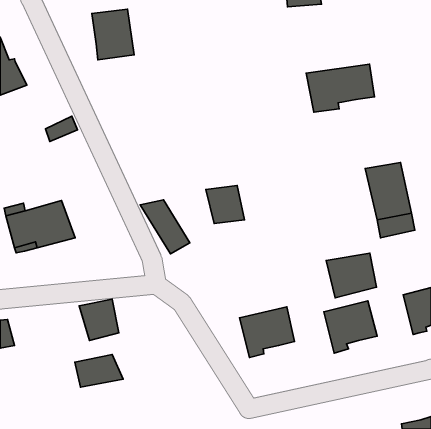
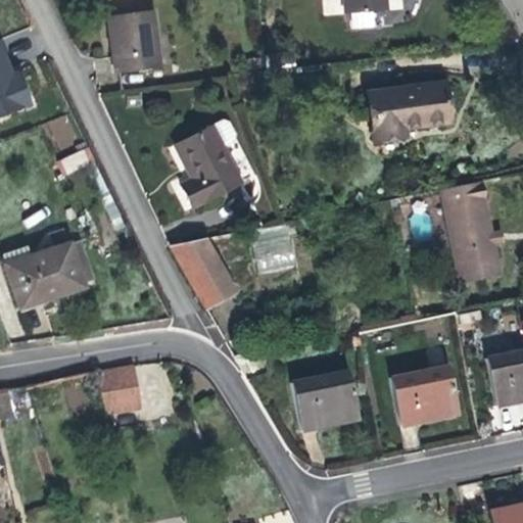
building: none -> [170,121,235,208]
building: [326,253,376,298] -> none
building: [75,354,123,387] -> none

